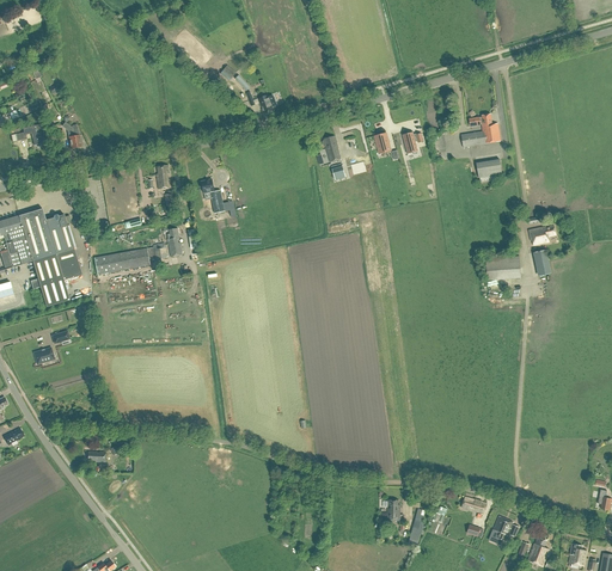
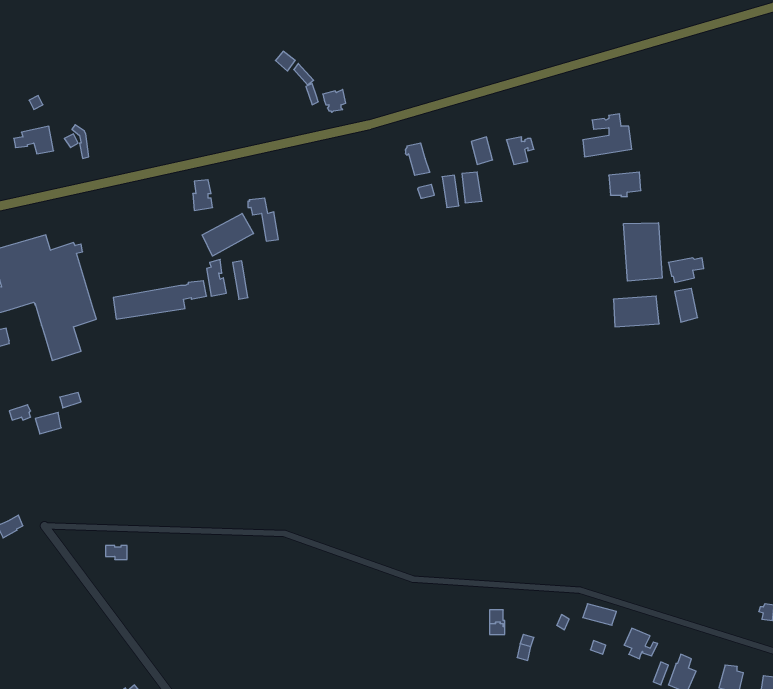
building: none -> [202,213,254,256]
building: none -> [624,223,662,281]

